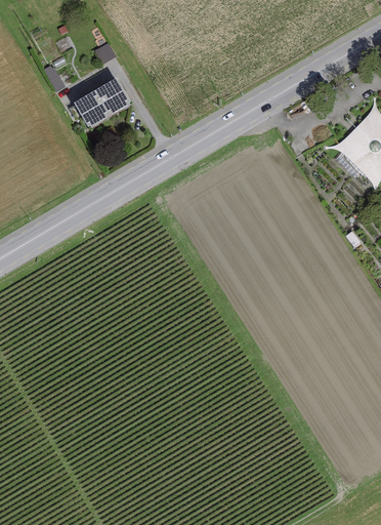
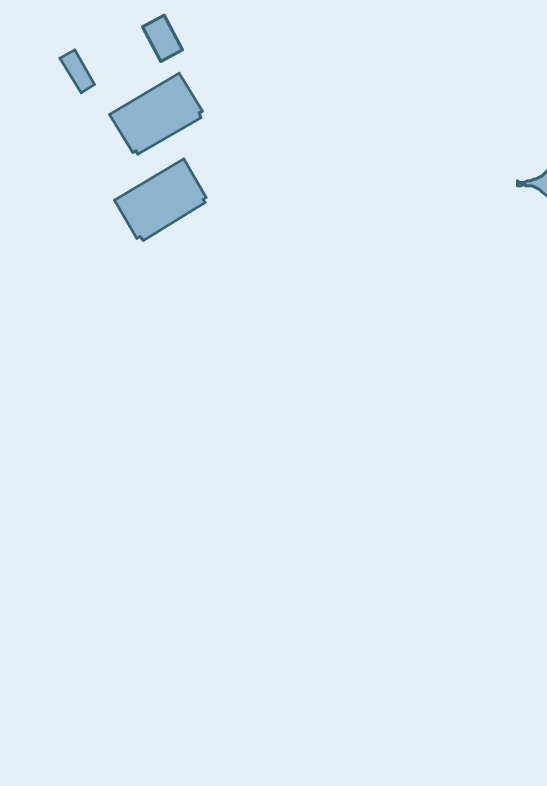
building: none -> [114,159,206,240]

